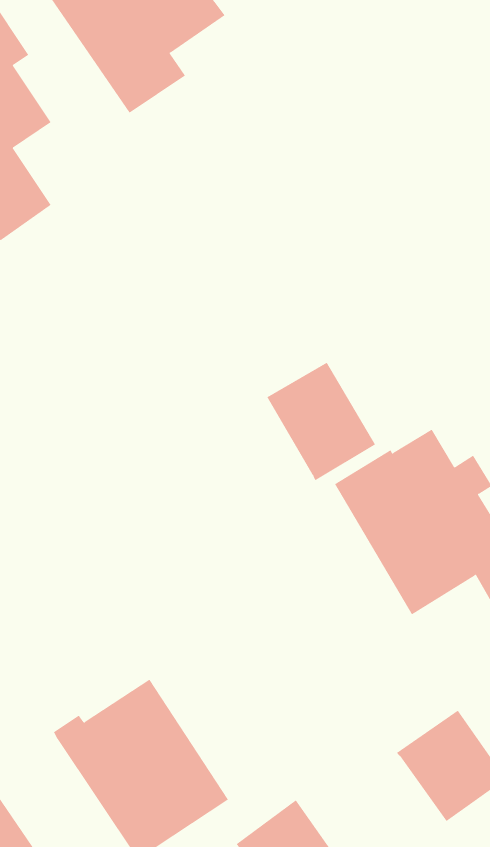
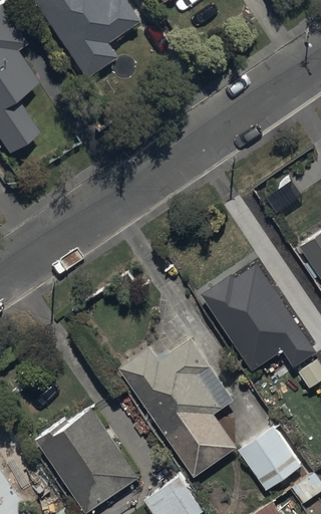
building: [267,362,376,481] -> none
building: none -> [117,340,237,478]

